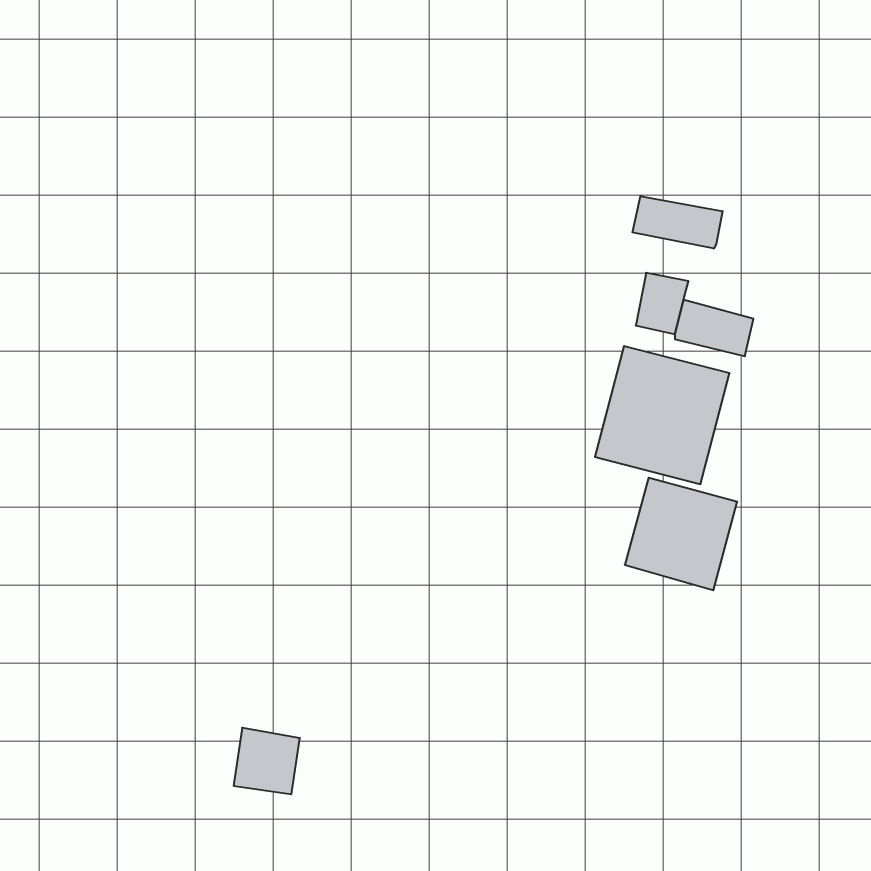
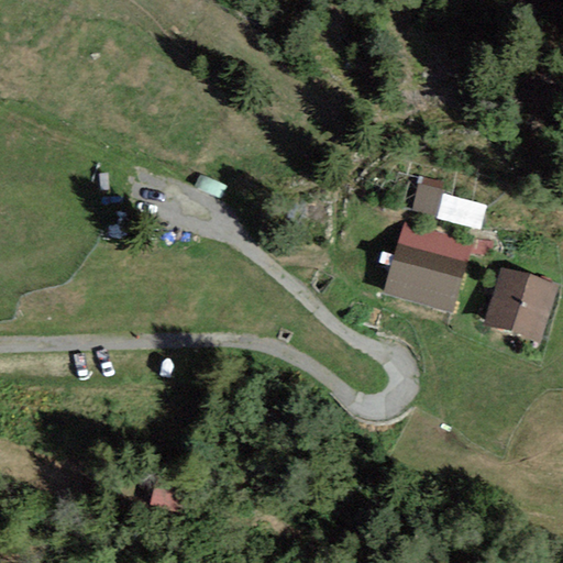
building: [632,196,723,249] -> none
building: [625,478,737,590] -> [484,268,556,341]

